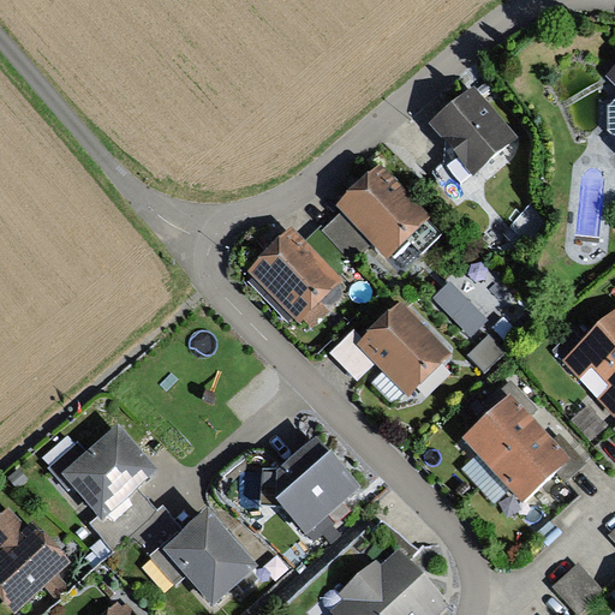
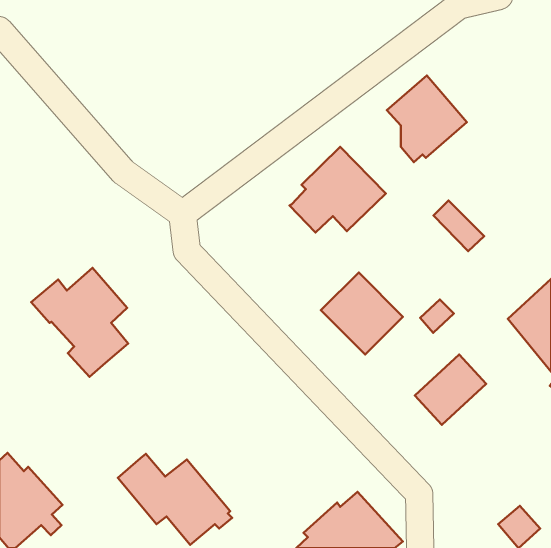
building: [246,222,351,322] -> none
building: [435,276,491,333] -> [433,200,484,251]
building: [48,425,156,547] -> [31,268,128,377]
building: [491,426,586,506] -> none
building: [261,437,358,538] -> none

